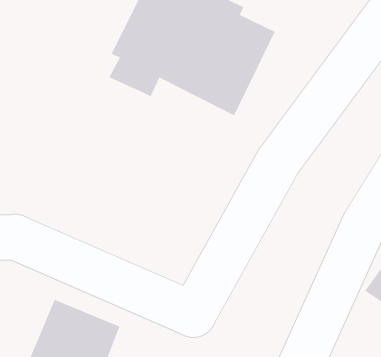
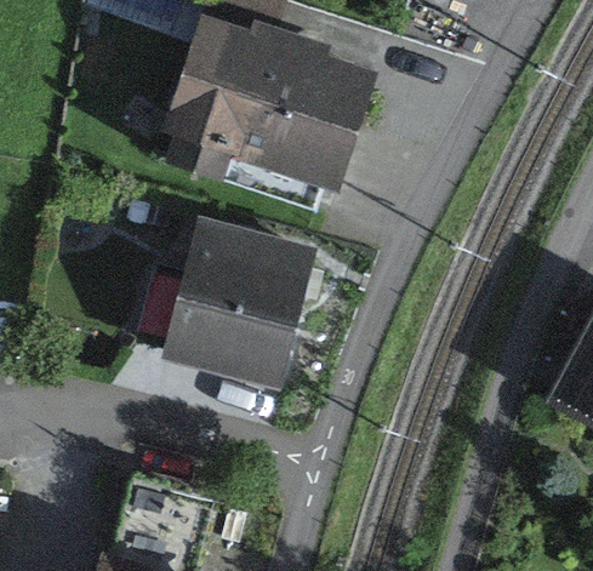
building: none -> [164,218,317,387]

